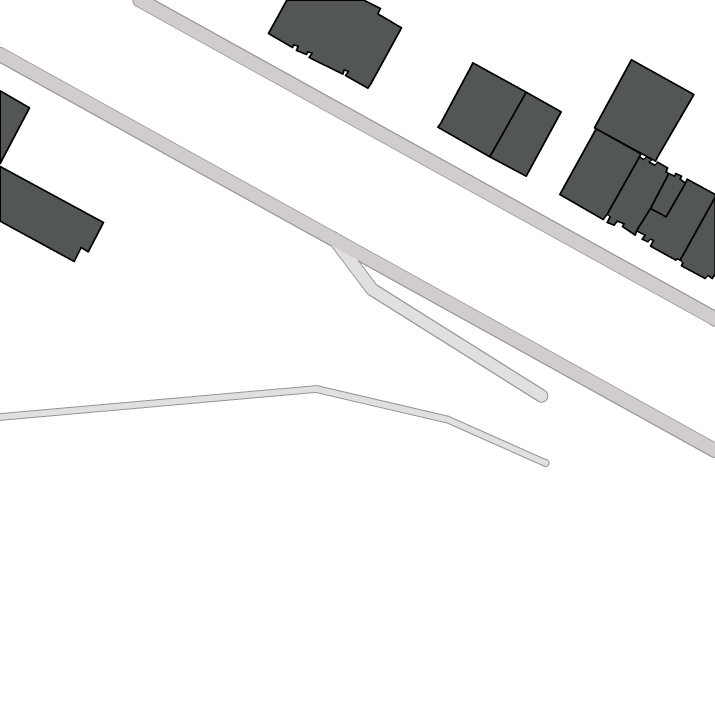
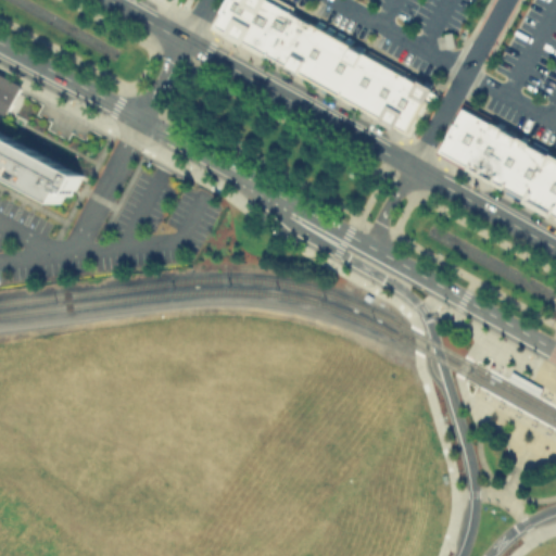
building: none -> [288,21,366,100]
building: [594,60,694,161] -> none

